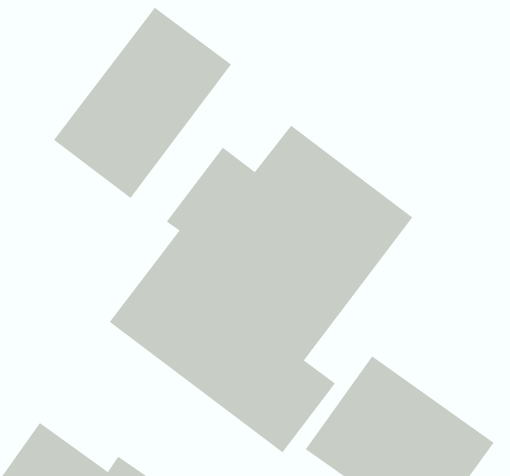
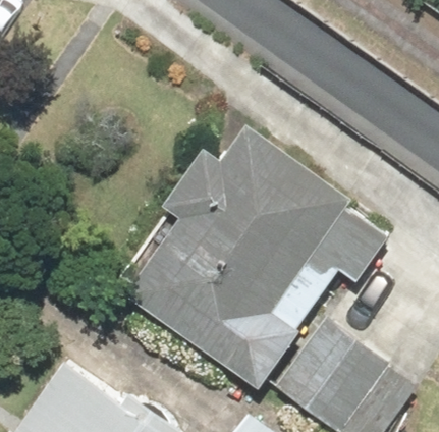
building: [53,7,232,199] -> none

